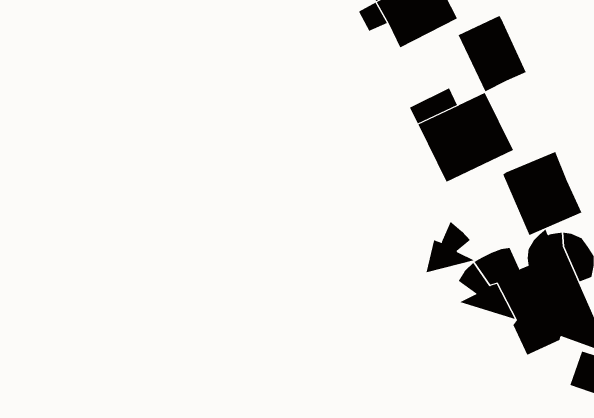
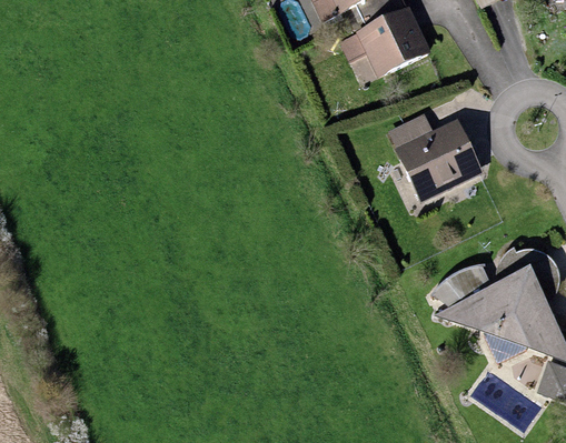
building: [458,15,527,92] -> none
building: [502,151,582,236] -> none
building: [426,221,476,273] -> none

